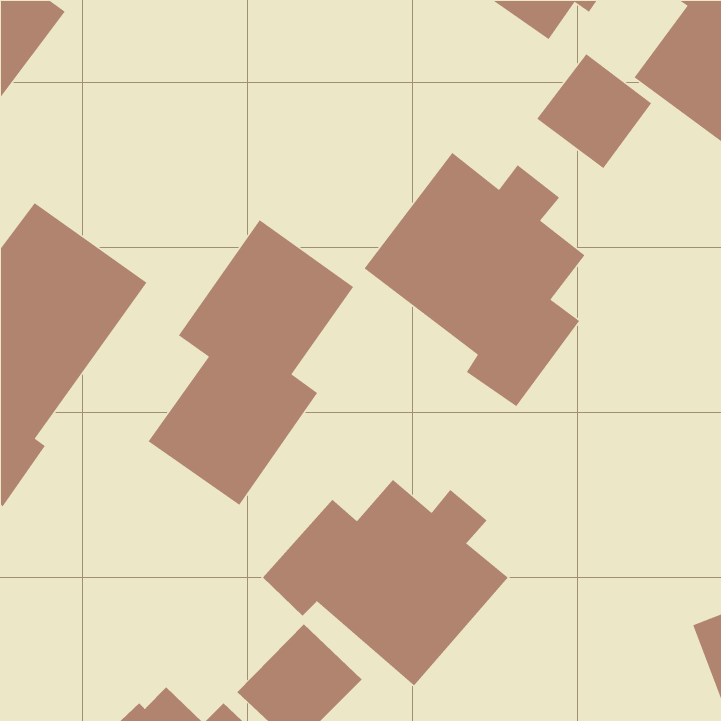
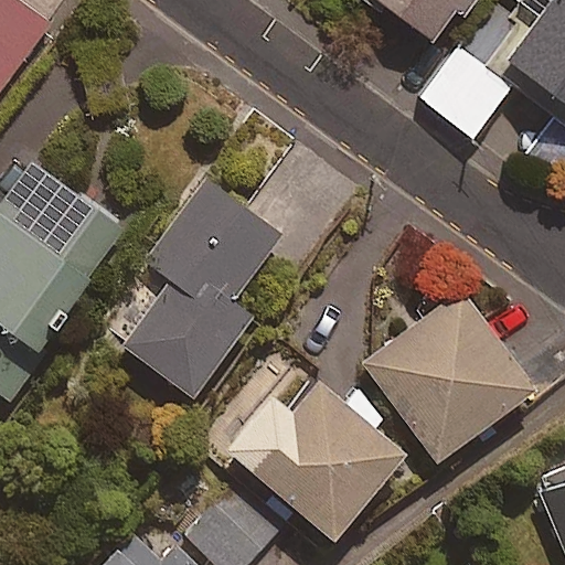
building: [363,152,585,407] -> none
building: none -> [363,290,532,460]

